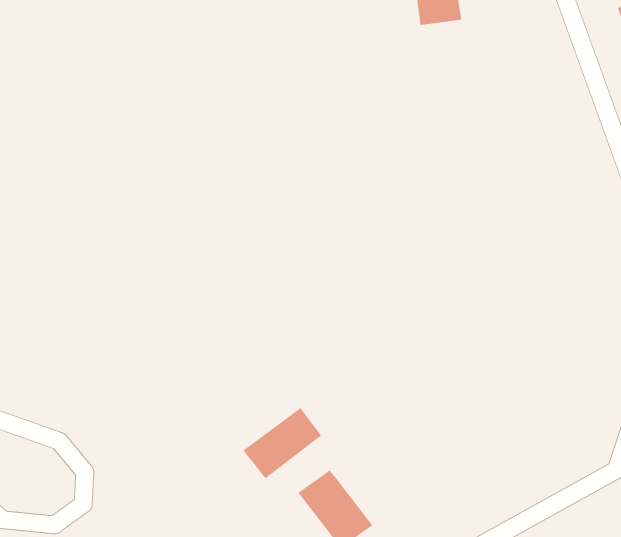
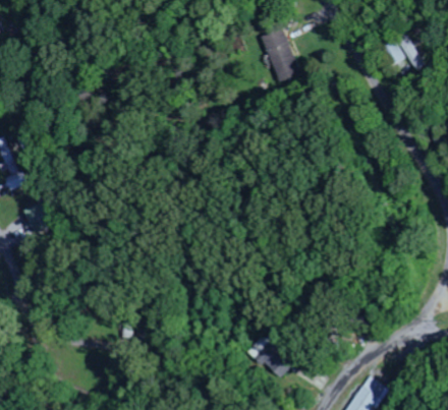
building: [243,407,322,479] -> none

